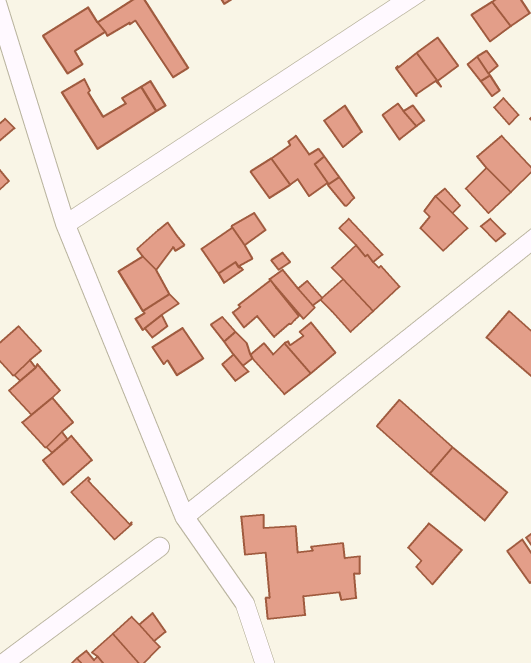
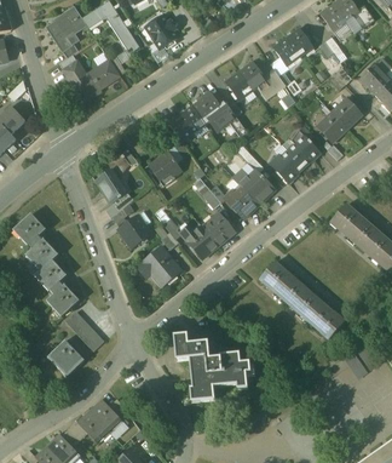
building: none -> [143,12,181,51]
building: none -> [238,62,275,99]
building: none -> [269,150,302,181]
building: [233,280,299,337] -> [137,246,179,282]
building: none -> [47,339,83,376]
building: [408,523,462,584] -> none

